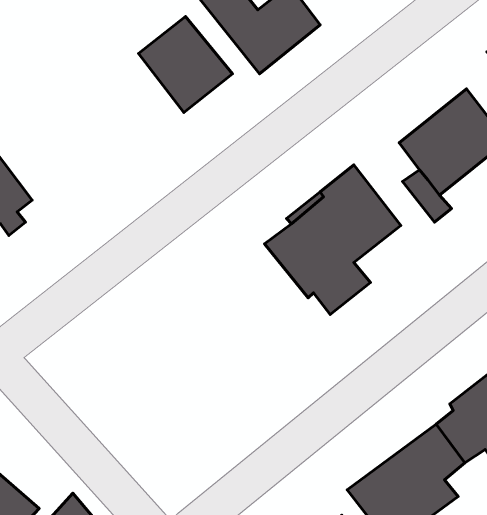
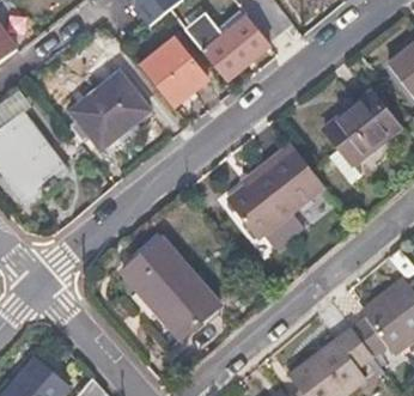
building: none -> [69,72,150,148]
building: none -> [124,239,220,339]

